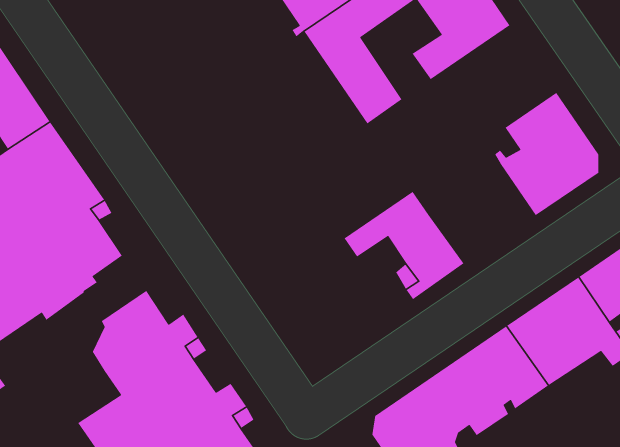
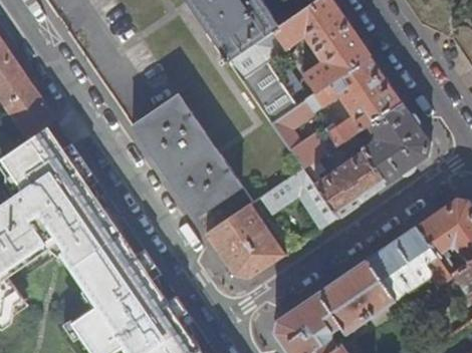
building: none -> [271,54,400,166]
building: none -> [131,92,242,217]
building: none -> [313,148,386,216]
building: none -> [205,204,283,277]
building: none -> [64,211,122,291]

